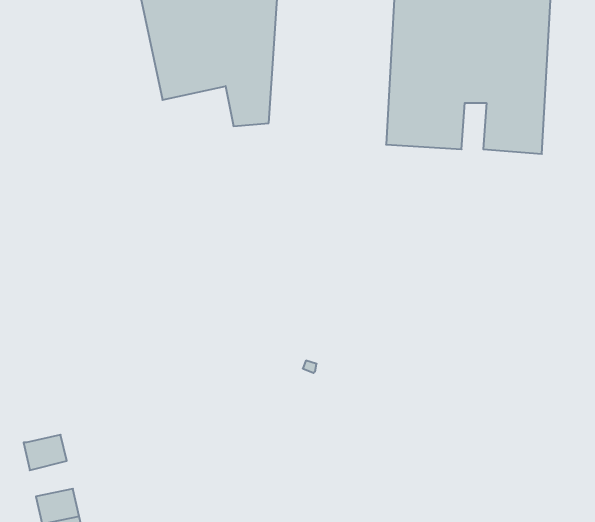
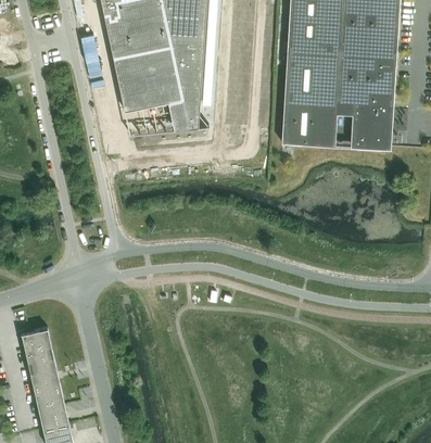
building: none -> [24,328,52,353]
building: none -> [30,366,61,391]

